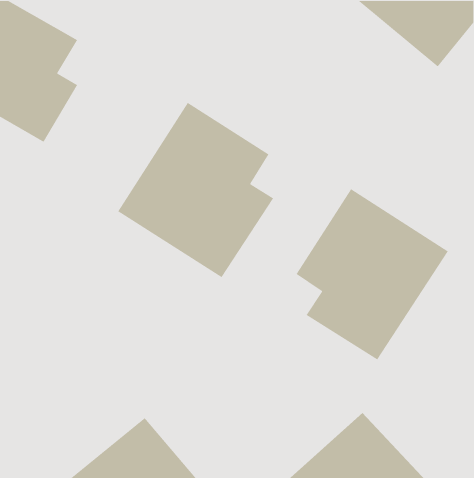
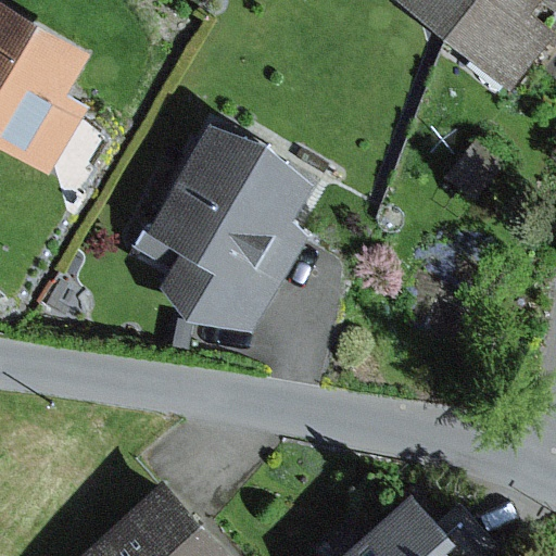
building: [295,188,449,361] -> none

